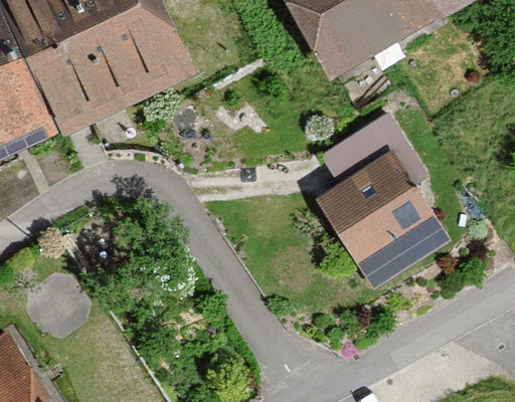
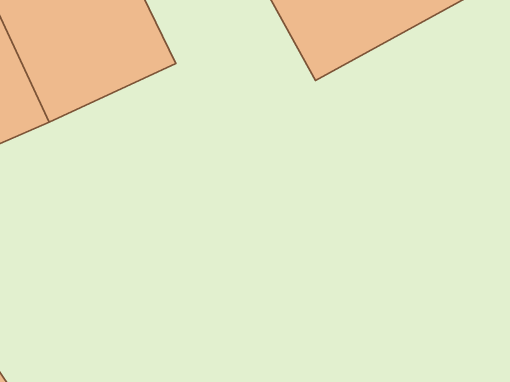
building: [314,150,454,295] -> none

